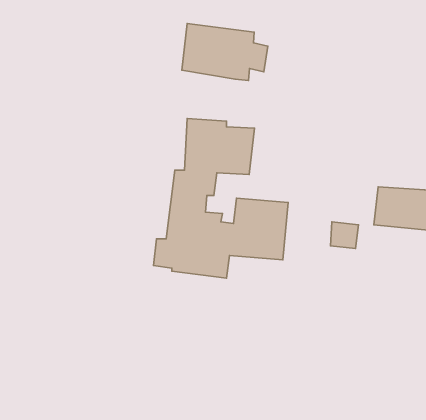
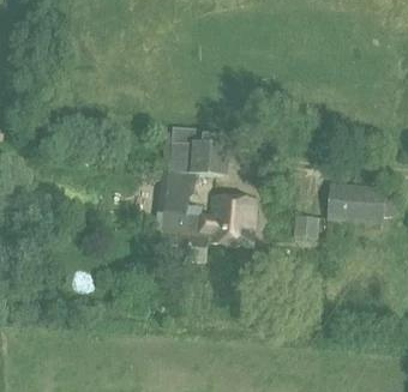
building: [182,24,268,80] -> none

